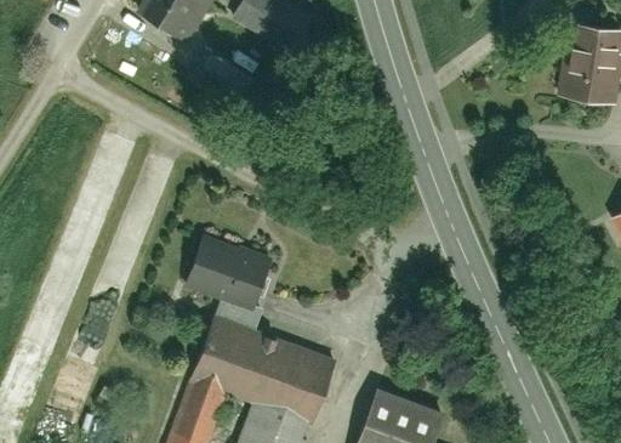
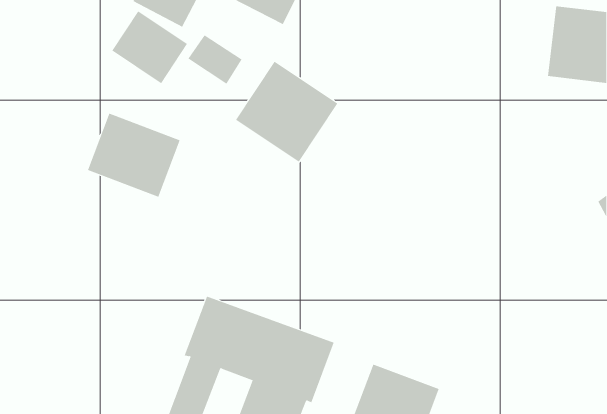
building: none -> [111,10,188,84]
building: none -> [235,61,338,162]
building: [186,229,280,316] -> [87,113,180,197]

